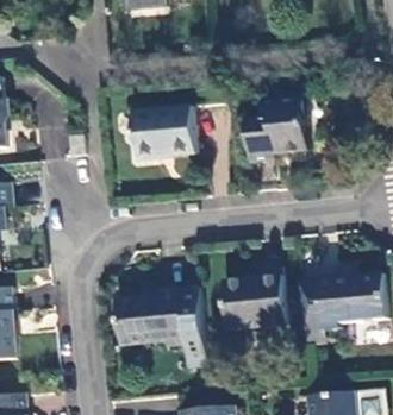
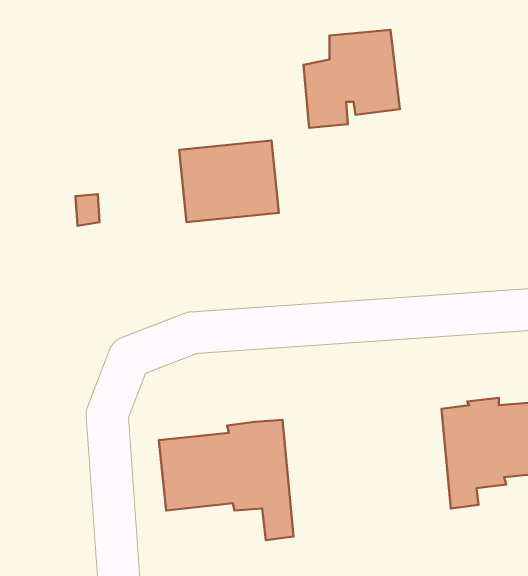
building: [247,98,308,161] -> [304,30,400,128]
building: [223,263,287,325] -> none

